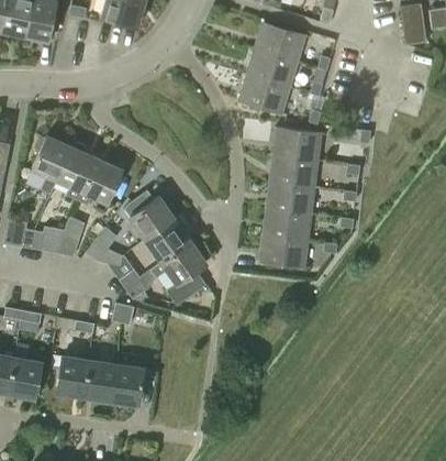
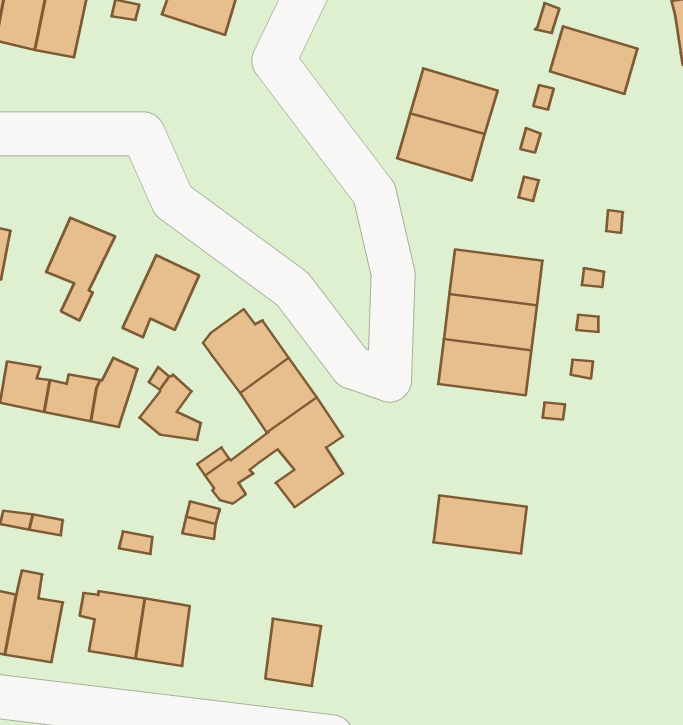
building: [253,21,304,61] -> [550,26,638,94]
building: [271,127,326,161] -> none
building: [56,144,96,200] -> none
building: [258,233,313,267] -> [433,496,527,553]
building: [111,364,144,404] -> [265,619,321,686]

